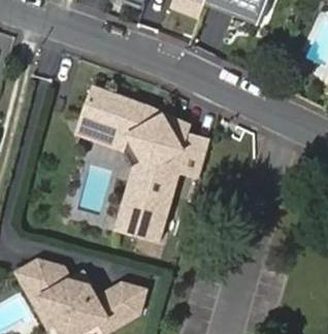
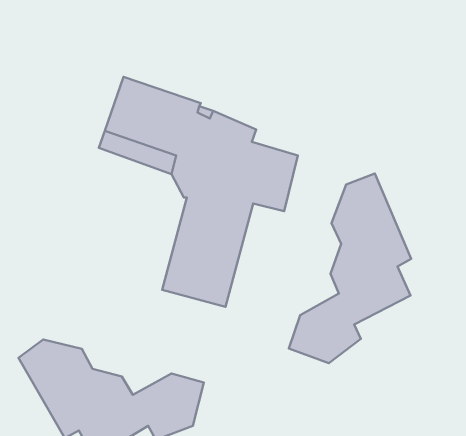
building: none -> [289,173,411,363]

